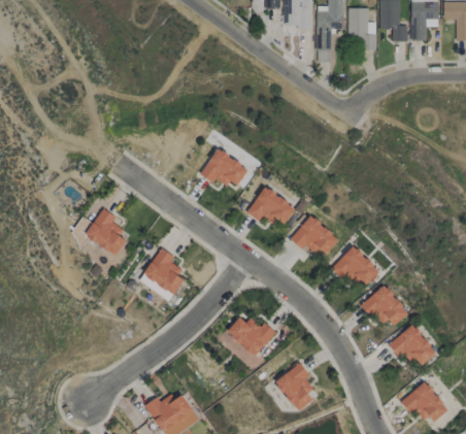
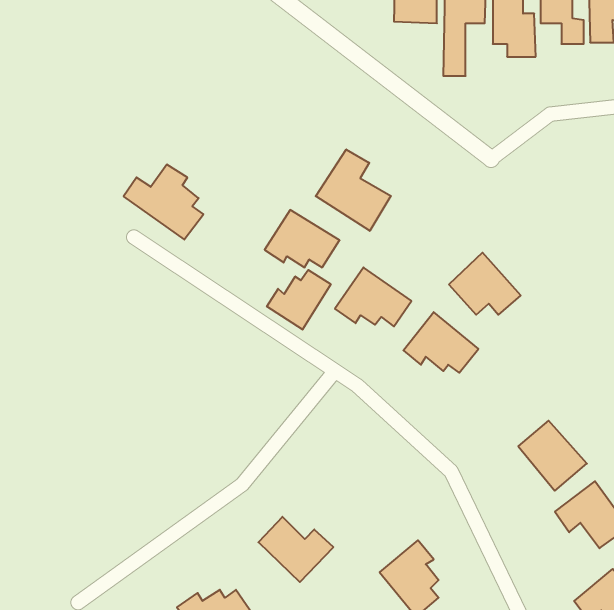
building: none -> [316,149,391,231]
building: none -> [267,270,331,330]
building: [75,208,127,257] -> [124,165,203,240]
building: [334,244,380,285] -> [449,253,521,315]
building: [143,247,187,295] -> none
building: [228,313,276,356] -> [258,517,333,582]

